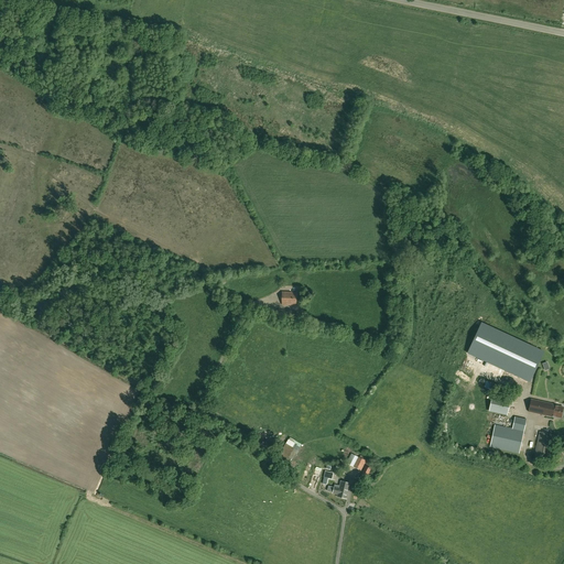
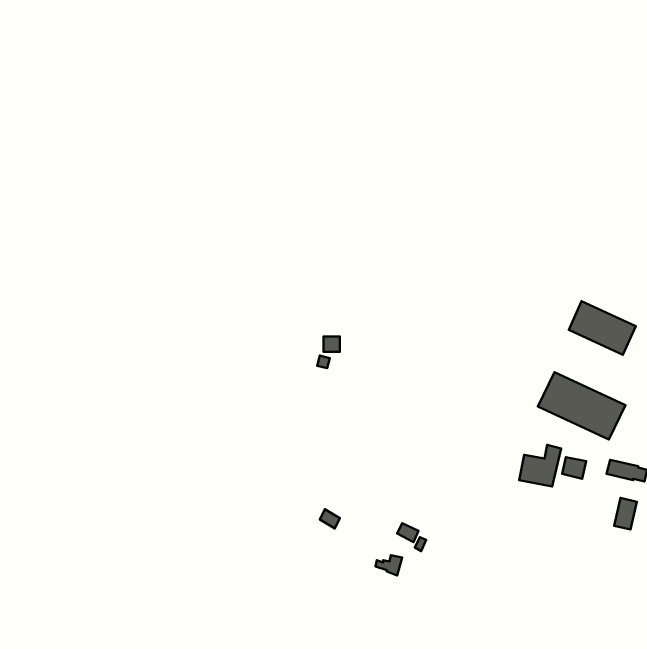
building: none -> [569,301,636,355]
building: [489,416,525,453] -> [519,445,561,487]

